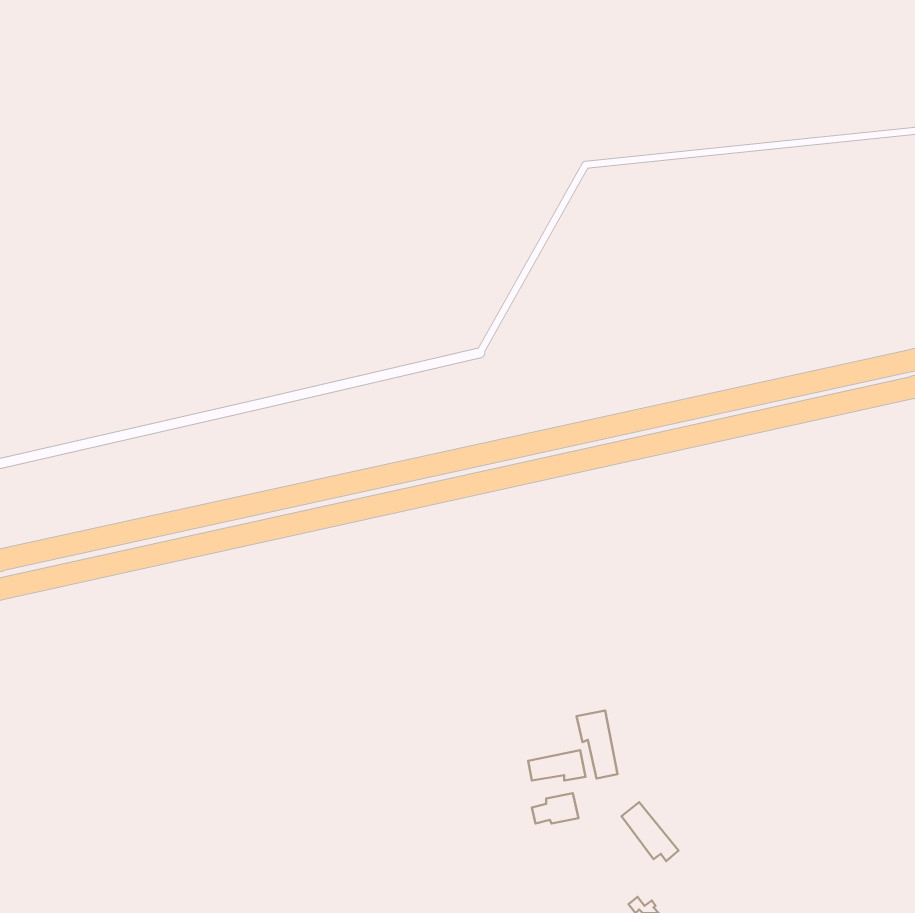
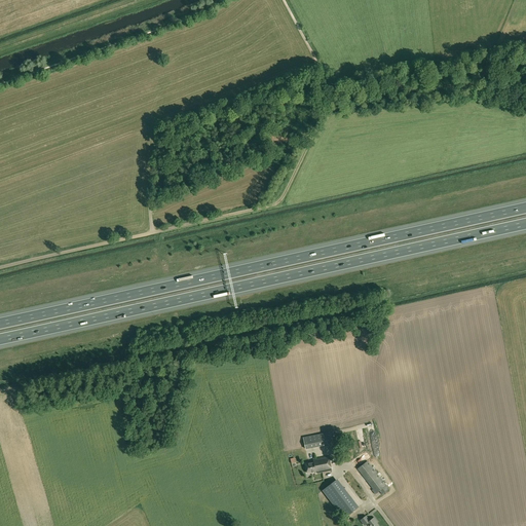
building: [577,711,617,779] -> none
building: none -> [323,480,356,517]

